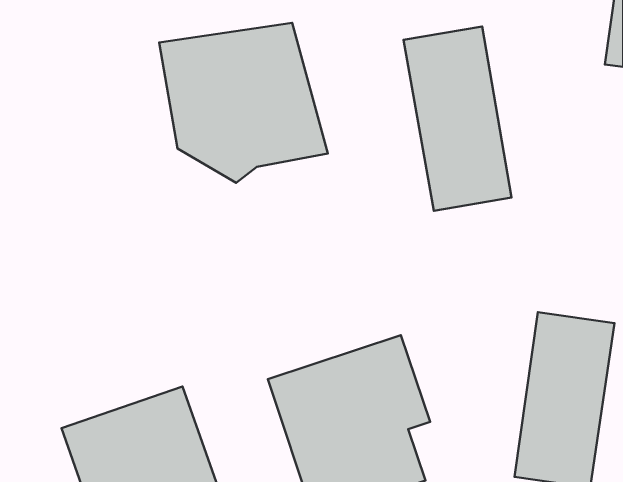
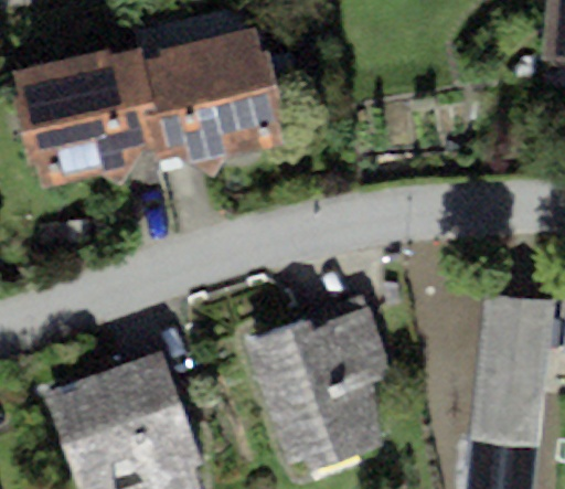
building: [404,26,511,211] -> none
building: none -> [20,45,161,193]

